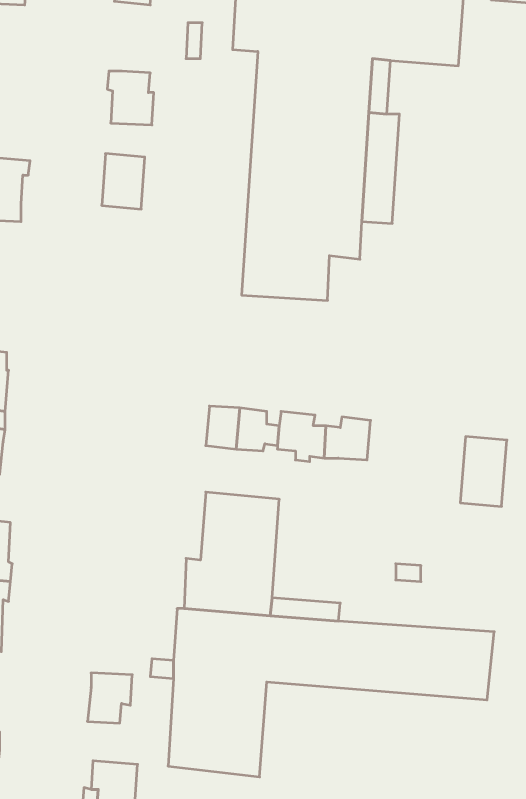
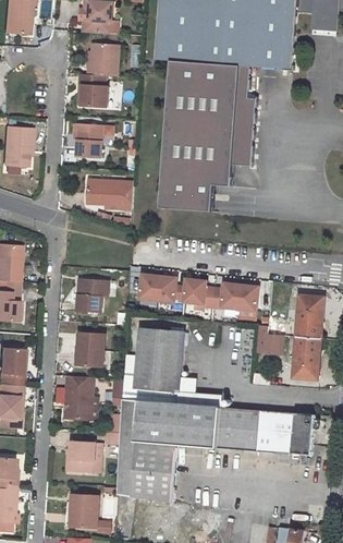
building: none -> [88,43,120,75]
building: none -> [84,179,130,209]
building: none -> [75,276,103,311]
building: none -> [237,286,257,311]
building: none -> [256,325,281,353]
building: none -> [77,330,105,364]
building: none -> [292,336,319,379]
building: none -> [63,373,93,419]

